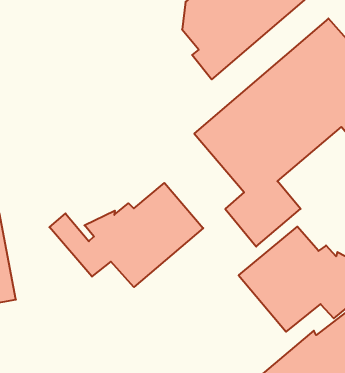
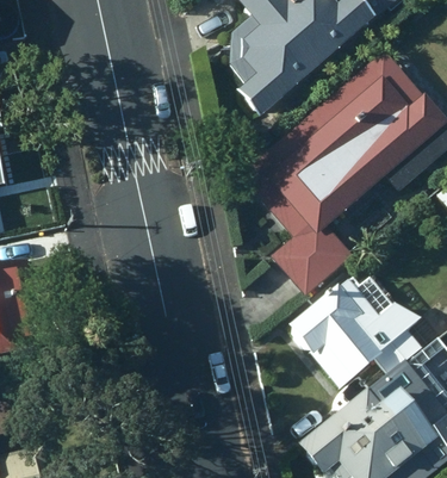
building: [49,183,203,287] -> none

